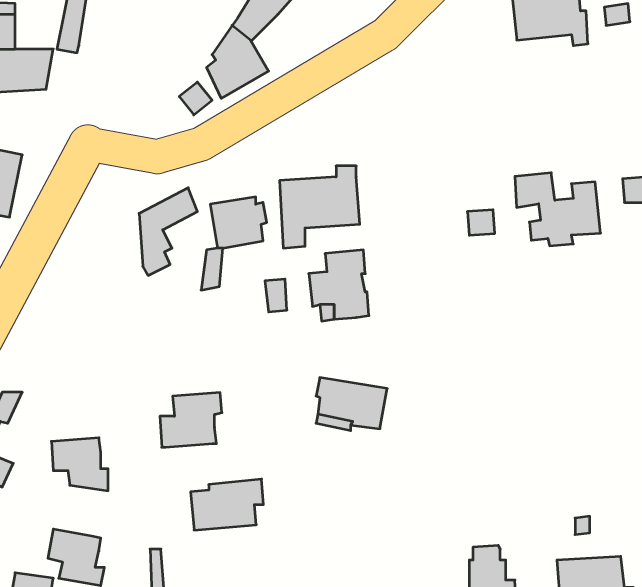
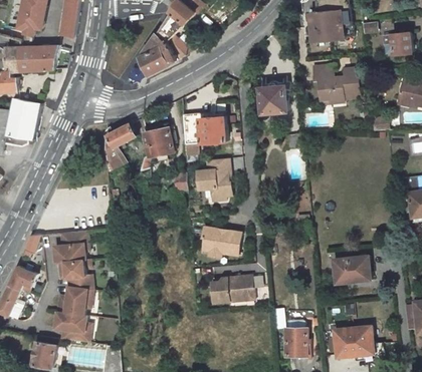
building: none -> [261,86,289,113]
building: [515,173,601,246] -> [312,64,360,104]
building: [160,393,222,447] -> [54,232,88,262]
building: none -> [335,256,371,283]
building: [191,479,263,530] -> [212,275,252,303]
building: none -> [58,286,88,314]

